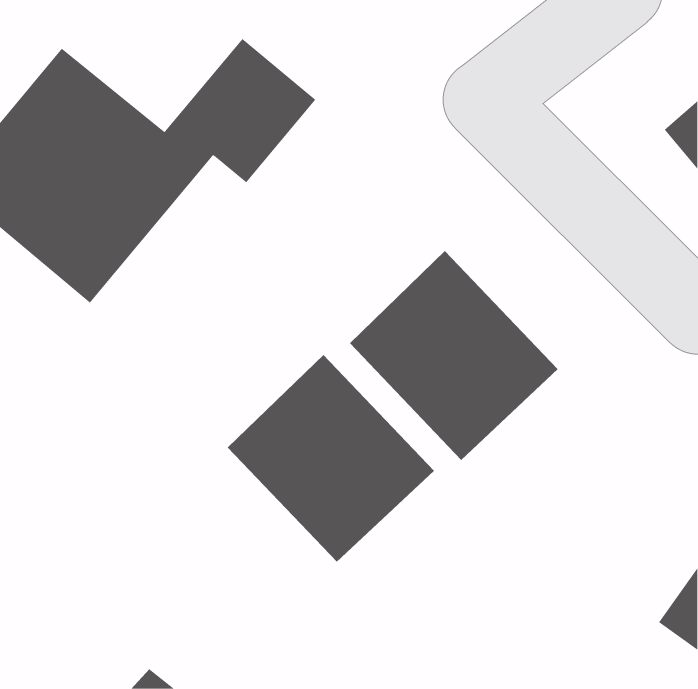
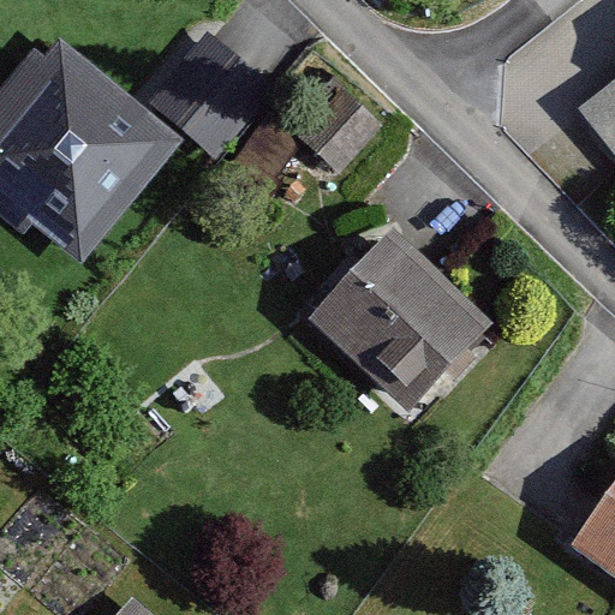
building: [227,354,435,562] -> none

